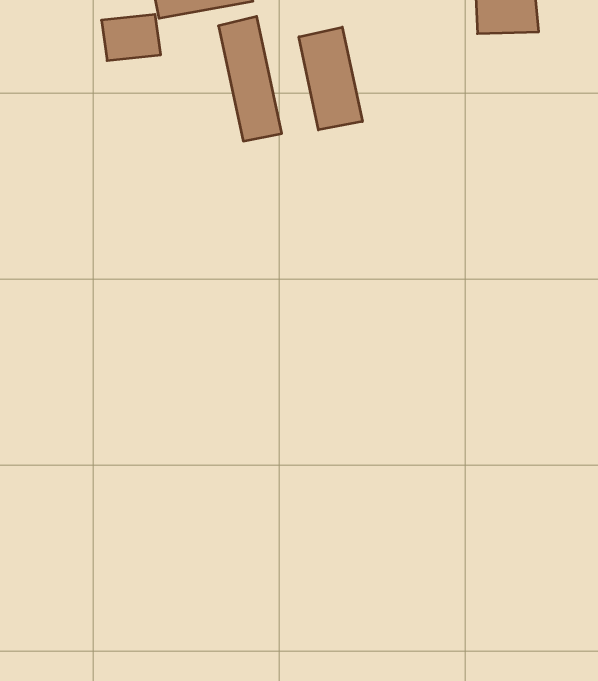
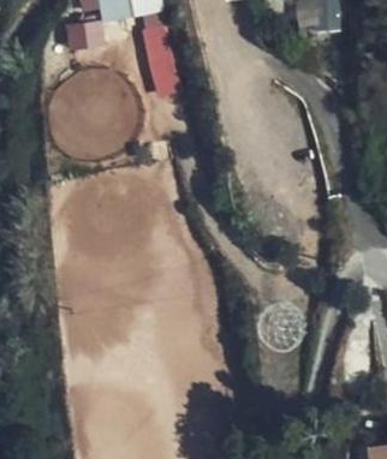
building: [299,27,362,130] -> none

